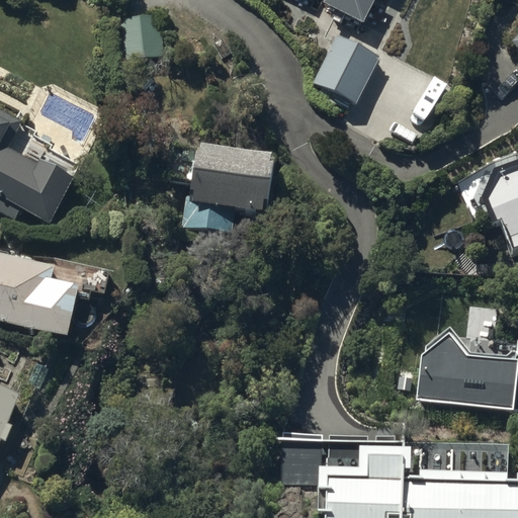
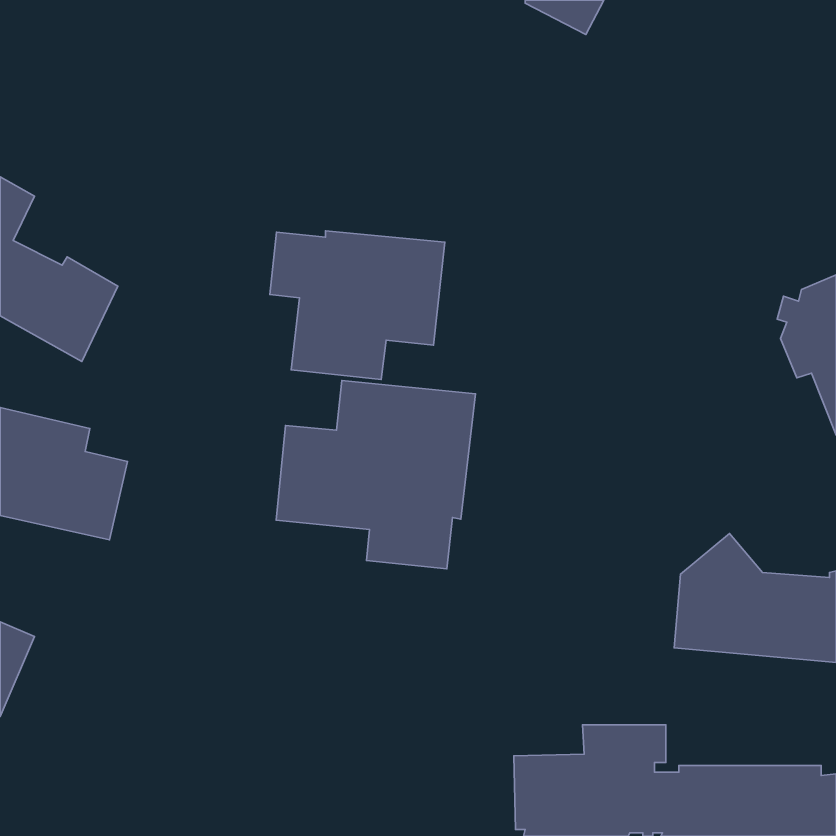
building: [119,14,164,67] -> none
building: [314,35,379,103] -> none
building: none -> [276,380,476,569]

